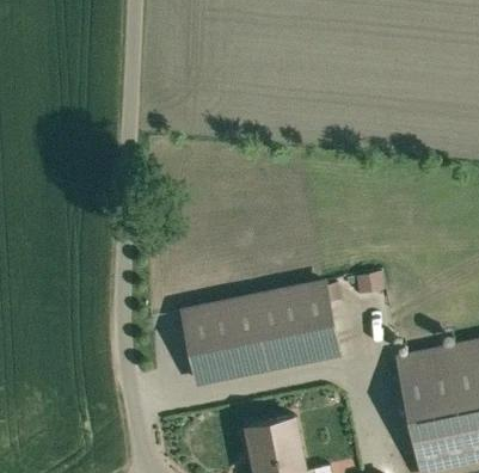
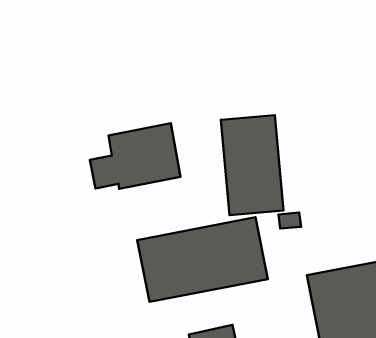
building: none -> [221,115,284,215]
building: none -> [90,123,181,189]

